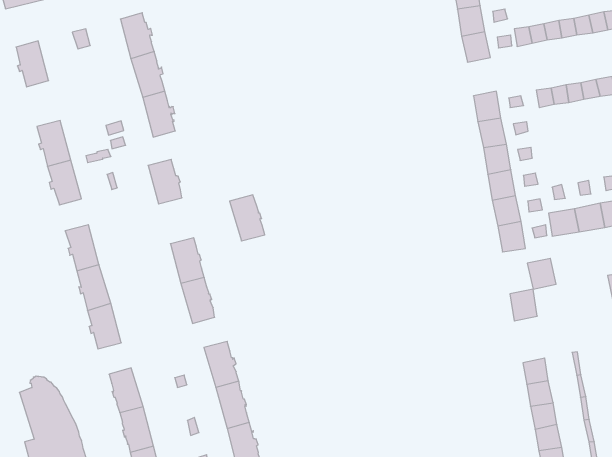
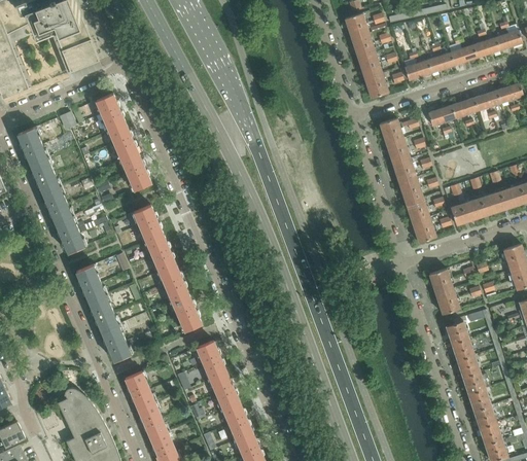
building: none -> [30,157,60,194]
building: [230,195,265,241] -> [145,235,176,272]
building: [527,258,556,289] -> [434,289,459,315]

